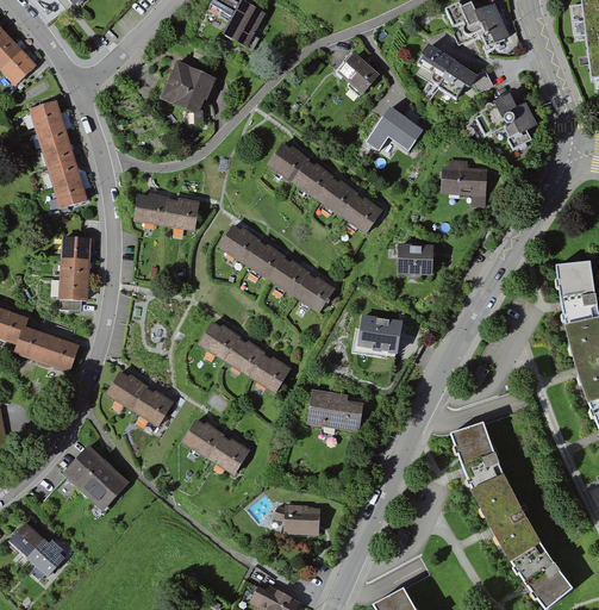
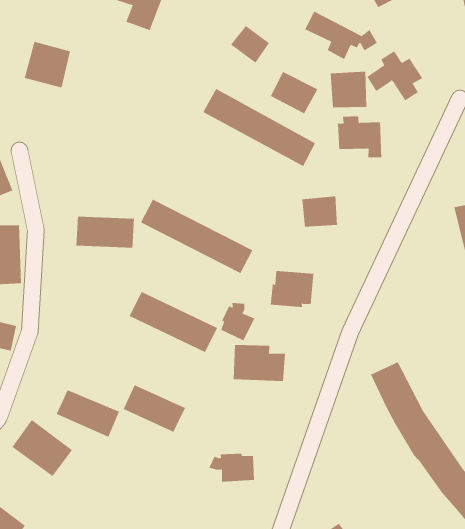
building: [166,63,218,116] -> [24,41,71,88]
building: none -> [330,71,367,108]
building: [263,141,380,232] -> [202,88,316,167]
building: [137,193,202,232] -> [76,216,135,248]
building: none -> [220,302,255,341]
building: [107,372,175,427] -> [56,389,120,437]

